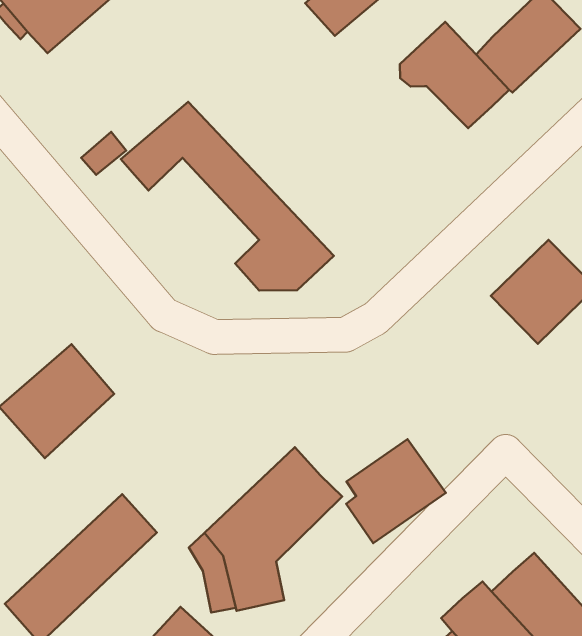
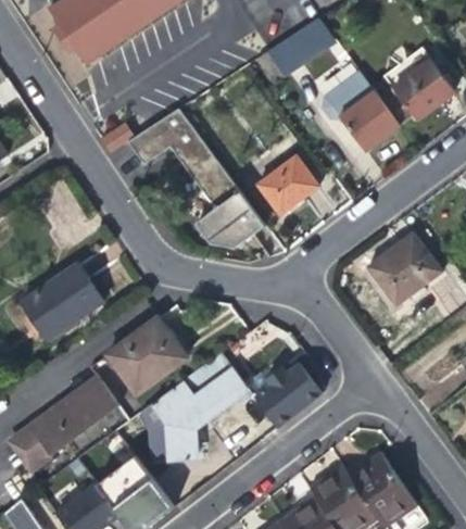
building: none -> [256,154,319,215]
building: none -> [109,318,188,395]

